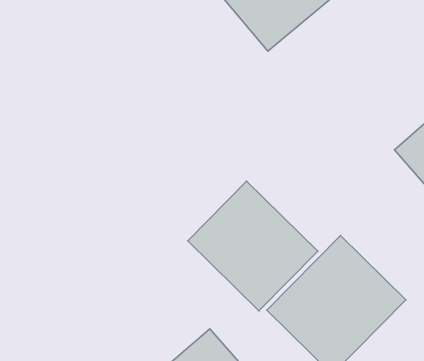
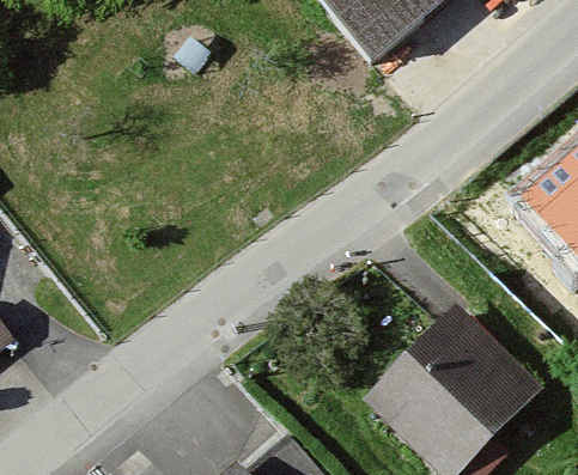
building: [188,181,318,311] -> none

